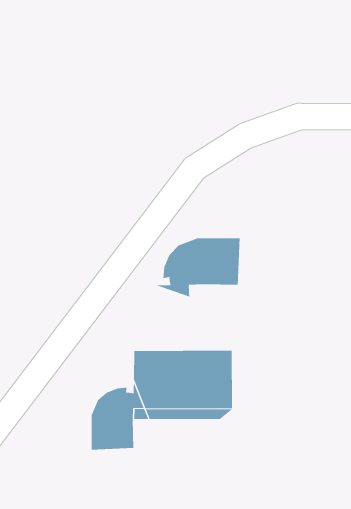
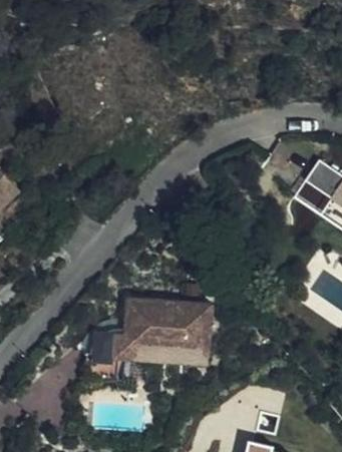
building: [154,237,240,298] -> none

